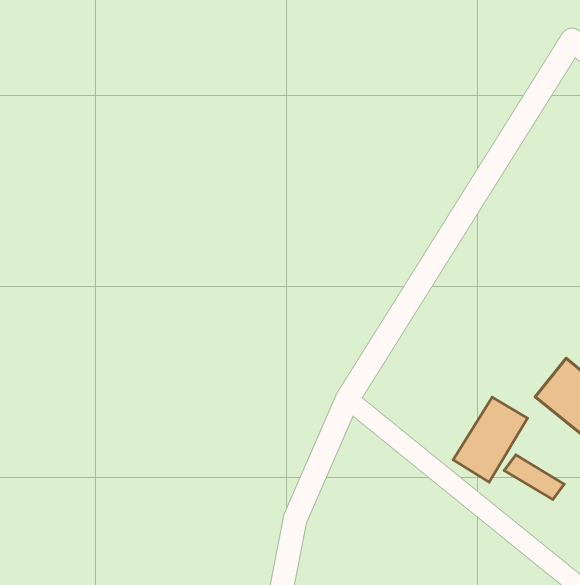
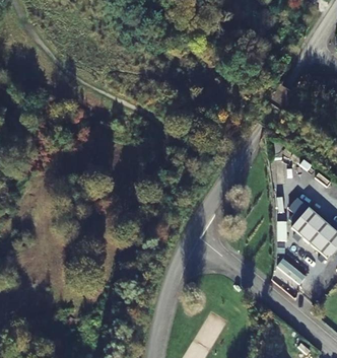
building: [453,397,528,482] -> none

